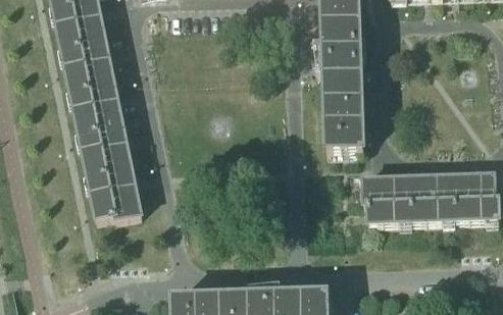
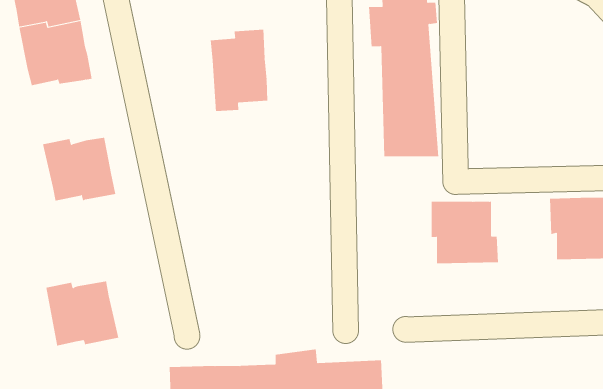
building: none -> [210,29,268,112]
building: [69,87,123,135] -> none
building: [87,171,141,219] -> [45,281,119,346]
building: [407,174,454,221] -> none

